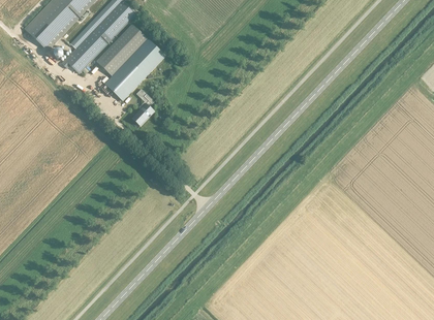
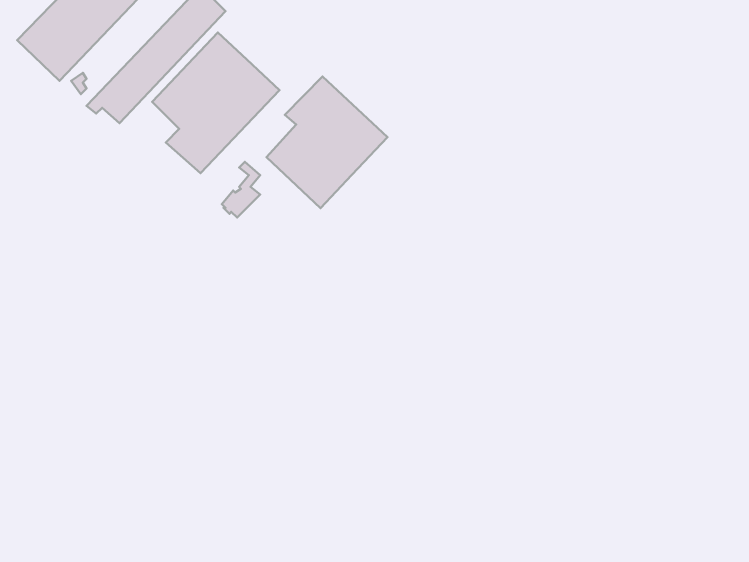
building: none -> [267,77,388,208]

